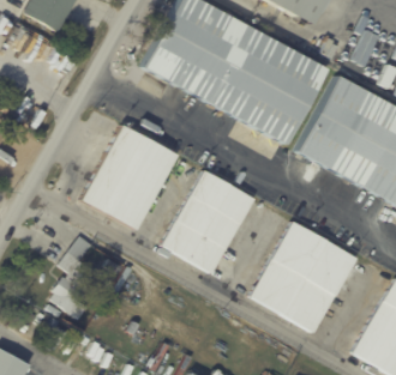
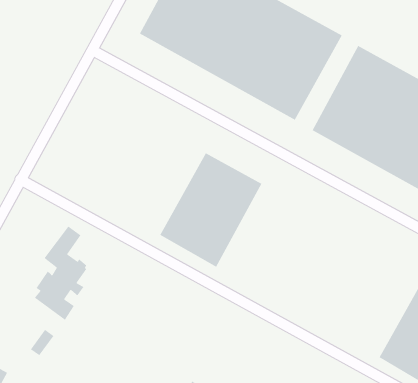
building: [80,125,175,229] -> none
building: [250,222,356,332] -> none

